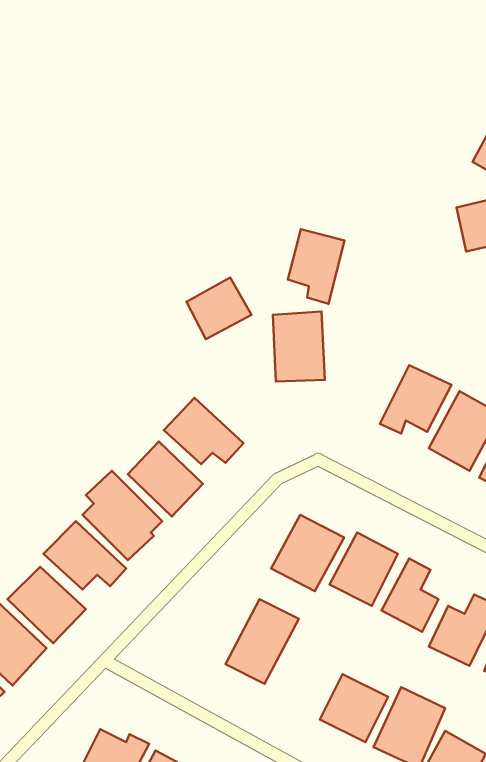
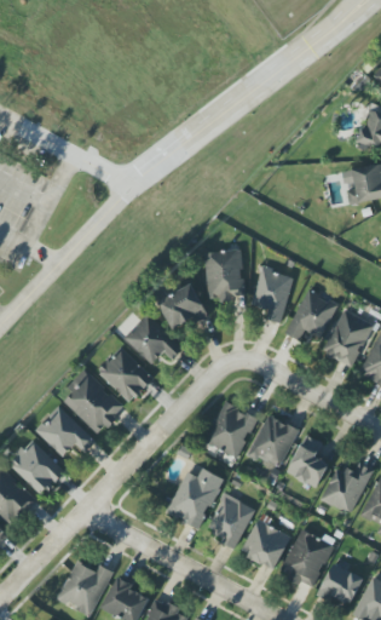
building: [288,229,345,304] -> [250,268,293,323]
building: [186,277,251,339] -> [158,285,207,331]
building: none -> [204,493,254,547]

